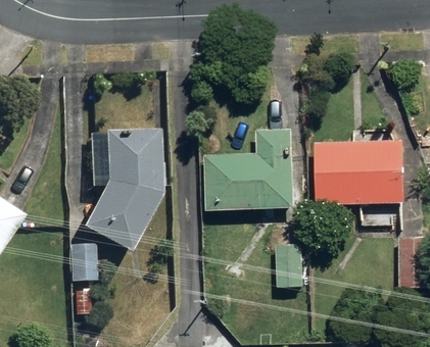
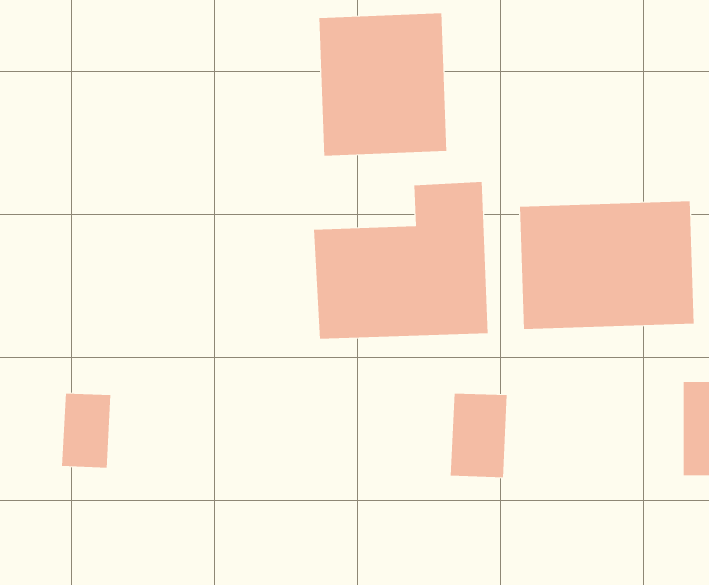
building: none -> [319,13,447,156]
building: [78,129,159,255] -> none

